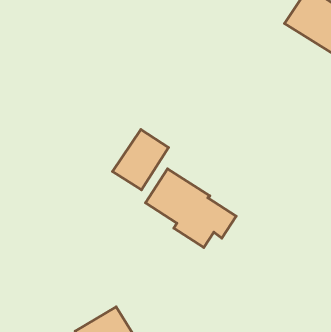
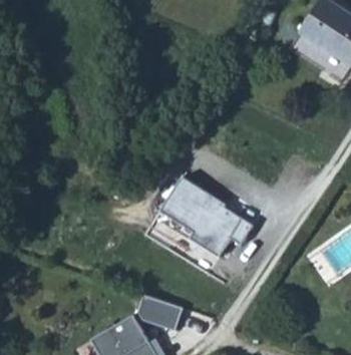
building: [113,130,168,190] -> none
building: none -> [136,292,181,330]

